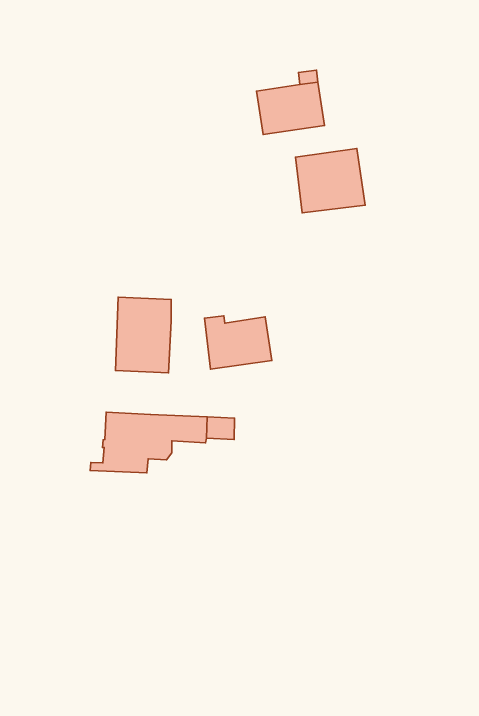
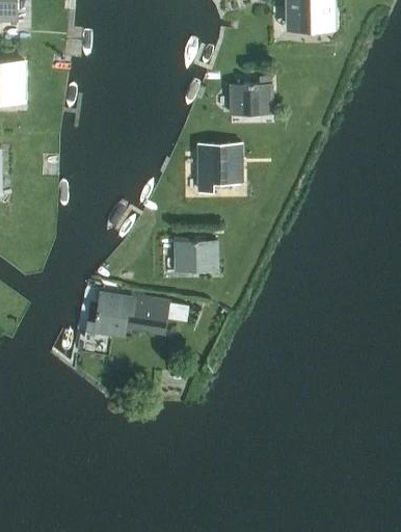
building: [296,148,365,213] -> [197,144,241,184]
building: [116,297,171,373] -> none

